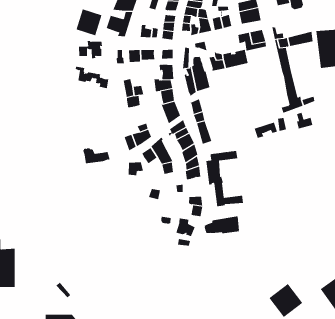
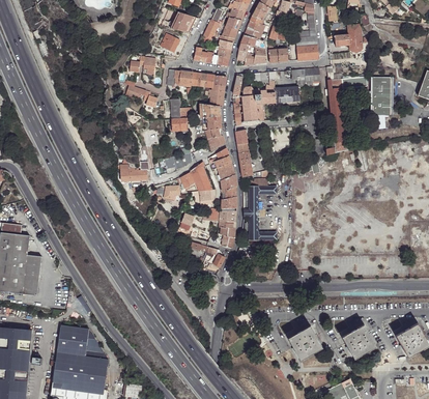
building: [76,9,102,36] -> none
building: [204,215,240,234] -> none

